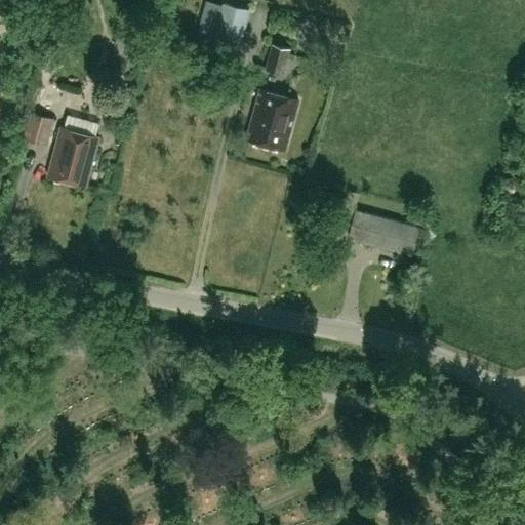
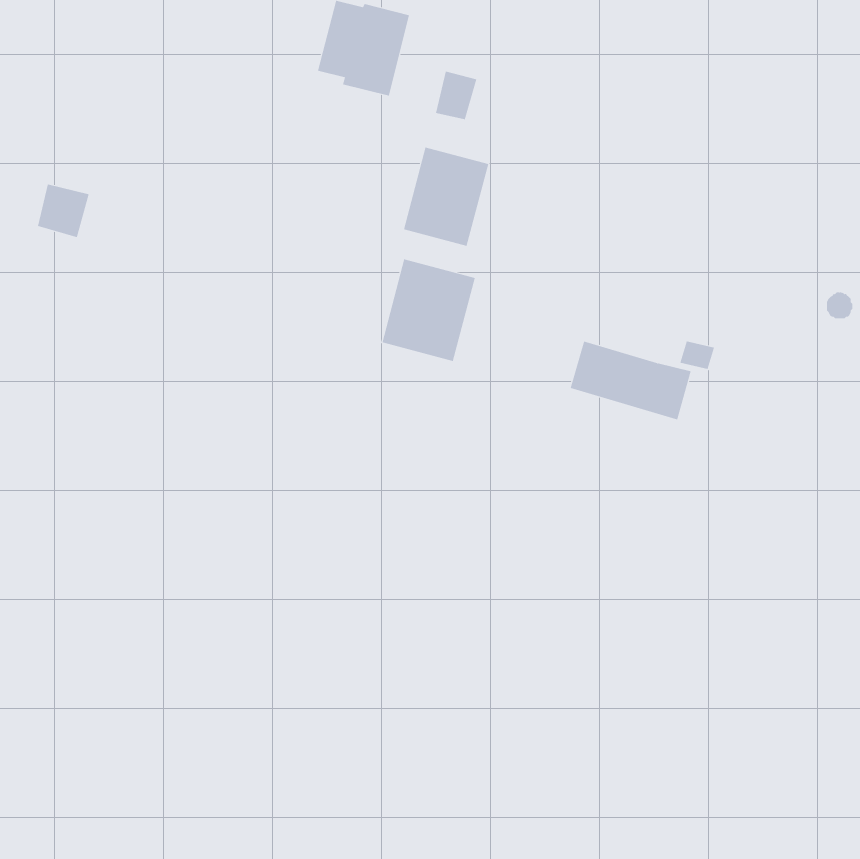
building: [47,129,97,187] -> none
building: none -> [382,259,475,362]

